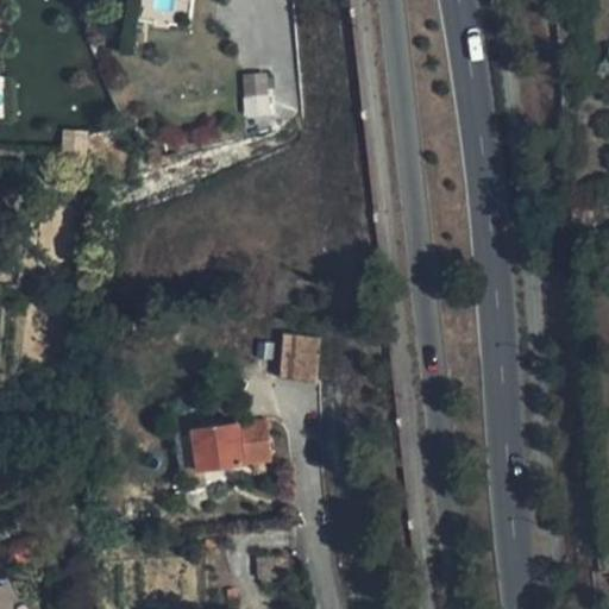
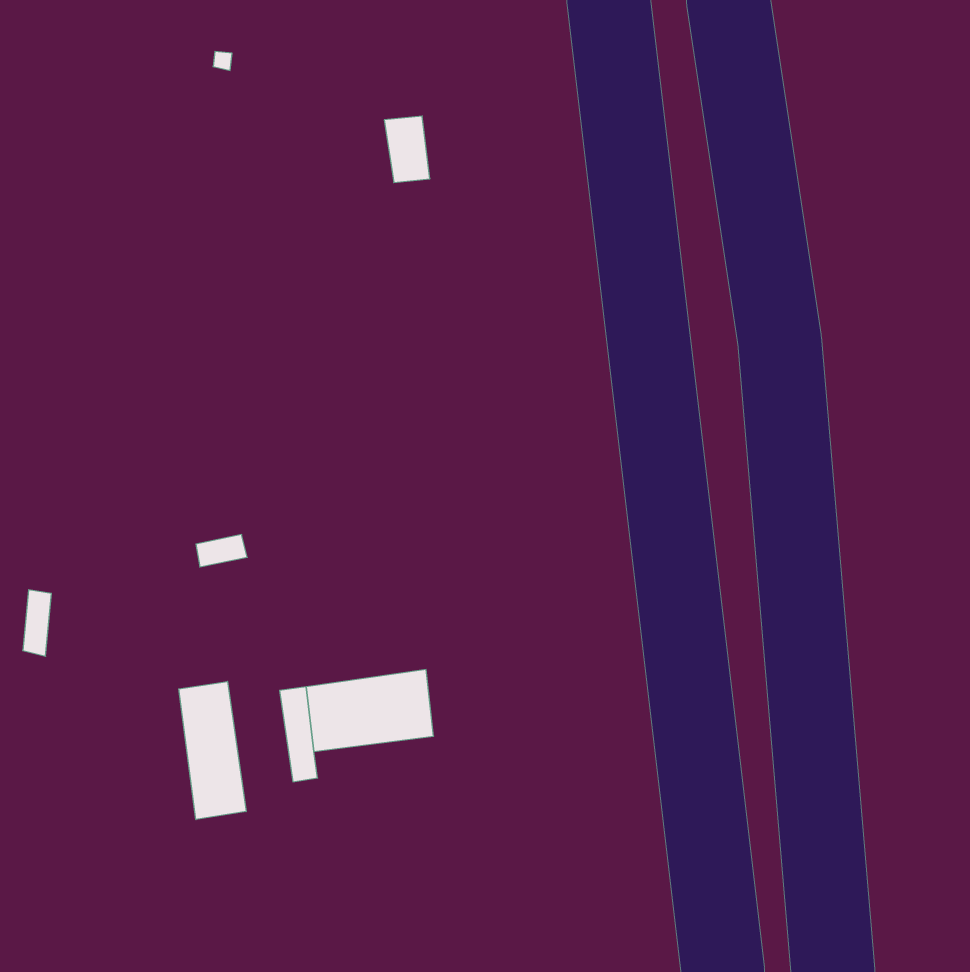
building: [281,333,320,383] -> none
building: none -> [179,681,246,820]

